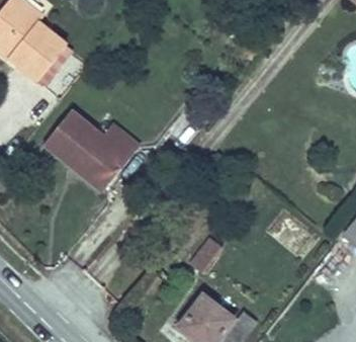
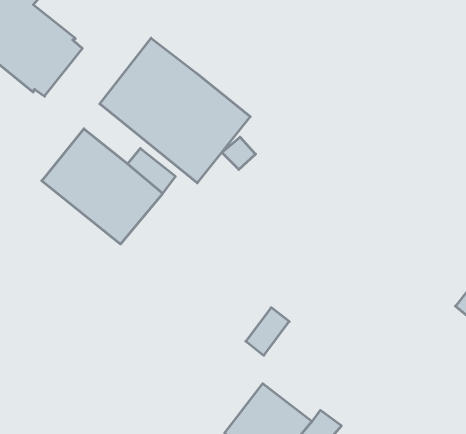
building: none -> [100,38,250,183]

